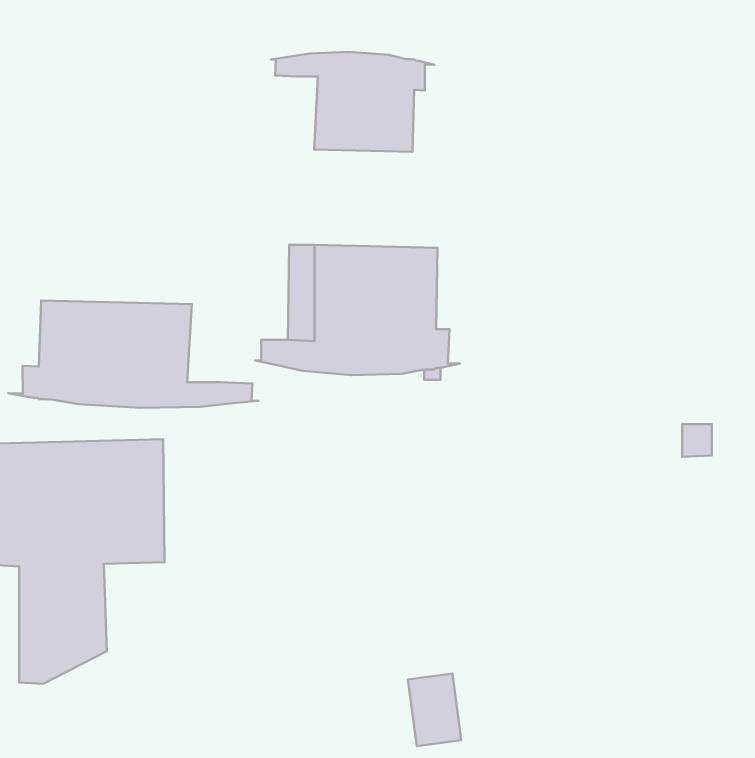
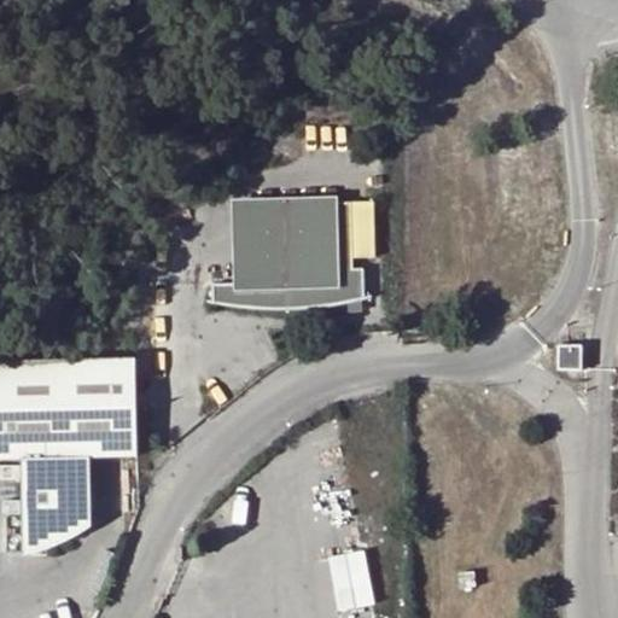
building: [271,52,434,152] -> none
building: [8,301,259,408] -> none

